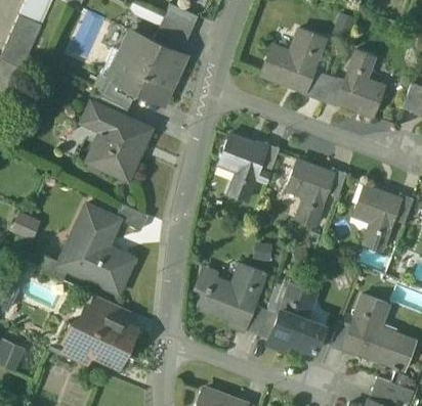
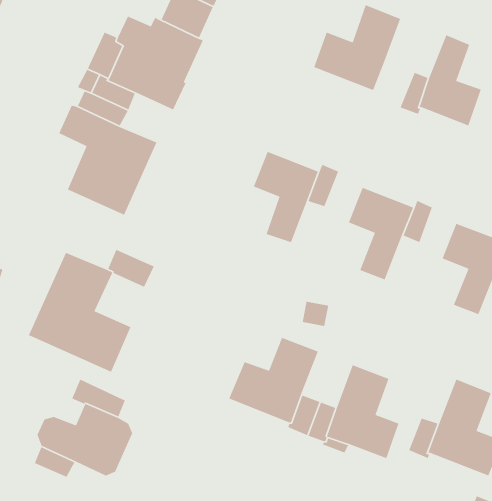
building: [302,70,333,102] -> none

